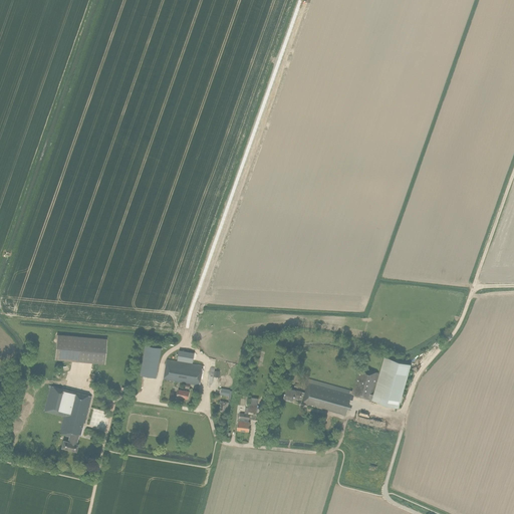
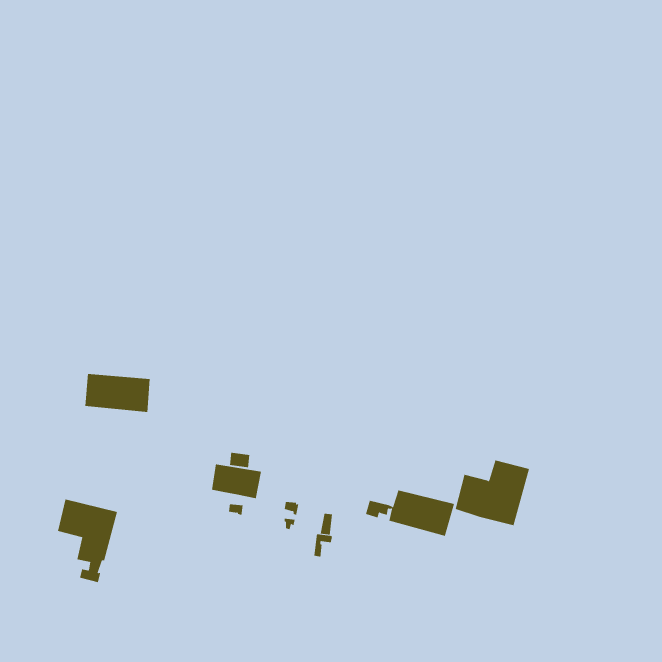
building: [55,334,106,364] -> [85,374,151,413]
building: [140,345,162,378] -> none

